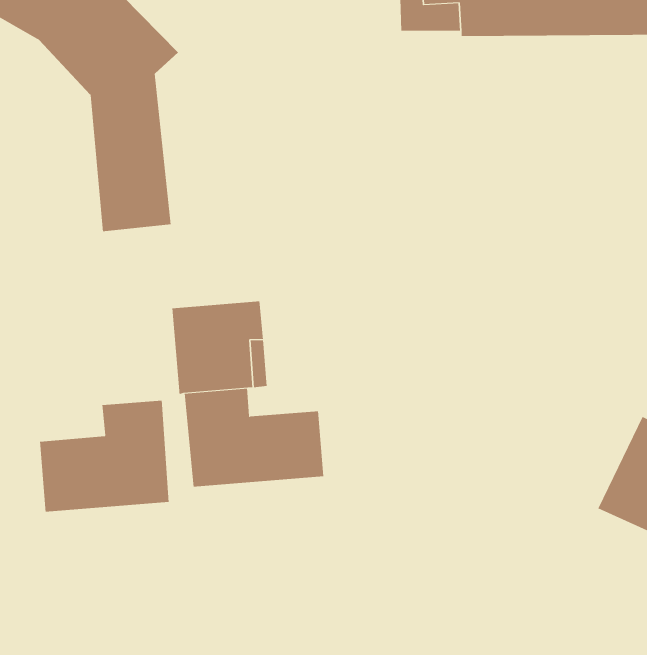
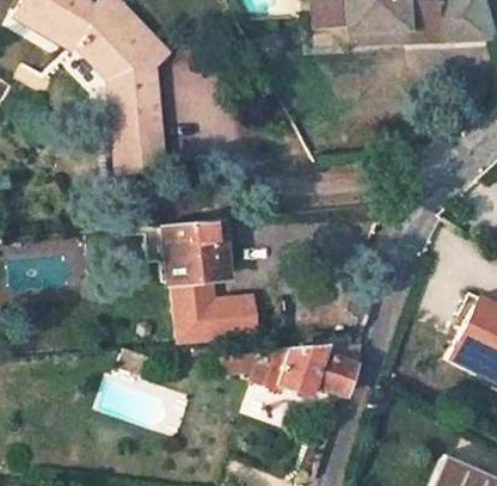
building: [39,400,169,512] -> none
building: none -> [221,343,362,394]

